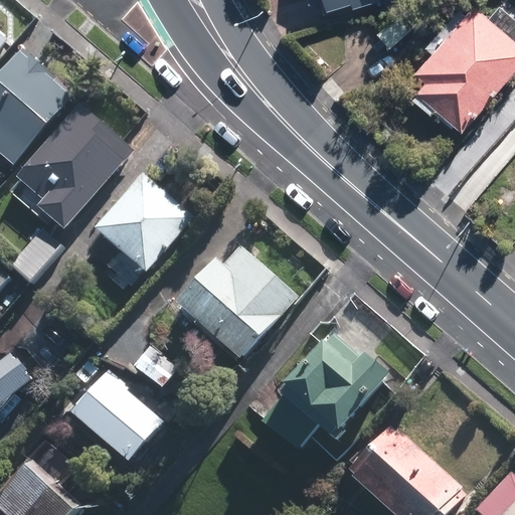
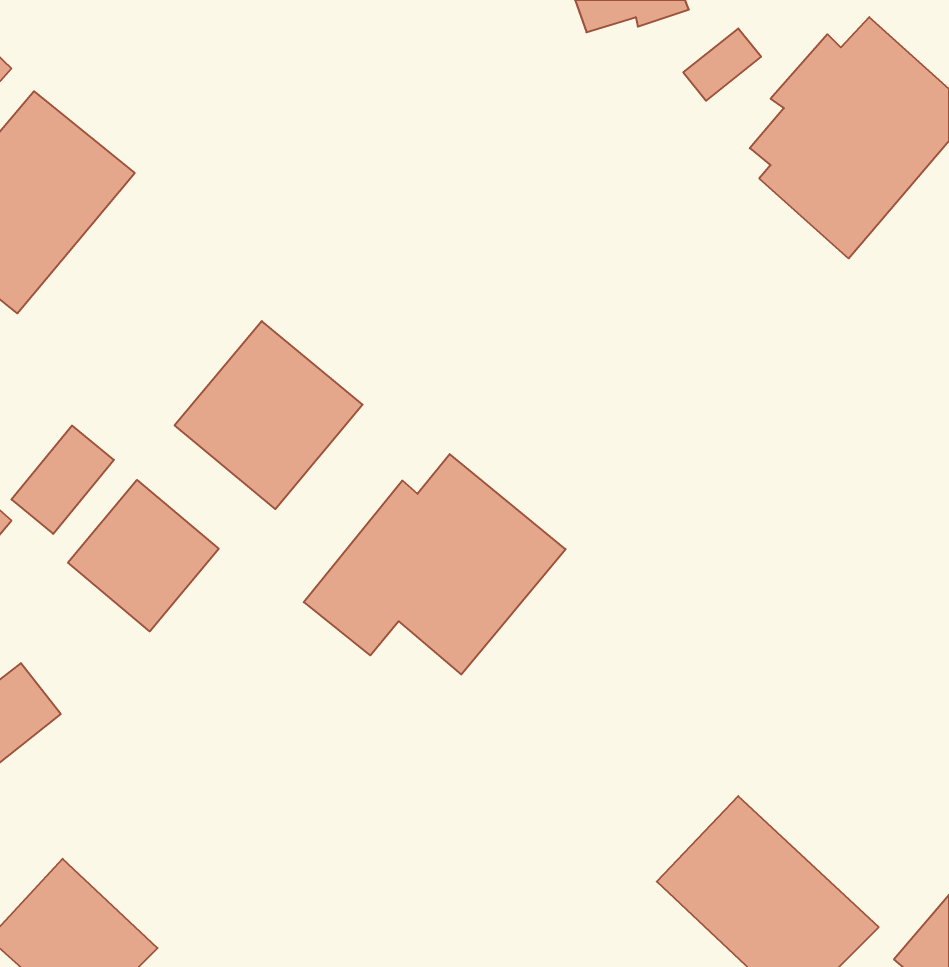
building: [14,103,133,230] -> none
building: none -> [68,480,219,631]
building: [259,333,391,451] -> none
building: [68,370,163,460] -> none

